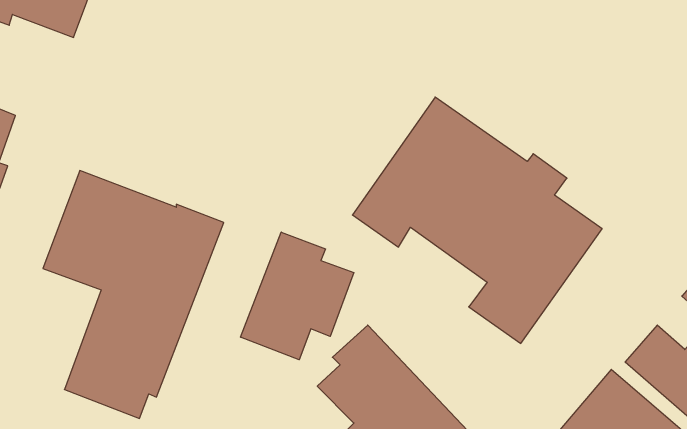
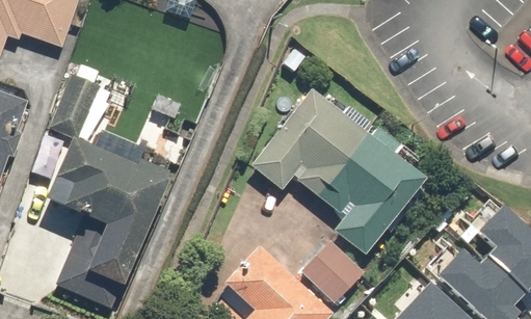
building: none -> [51,73,99,135]
building: [241,232,354,360] -> none
building: none -> [300,239,366,304]

